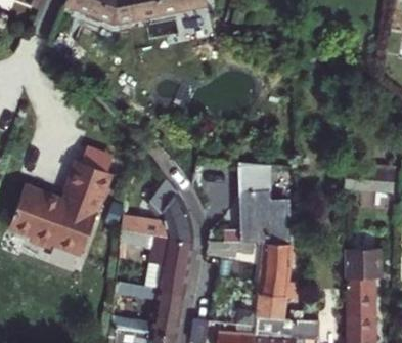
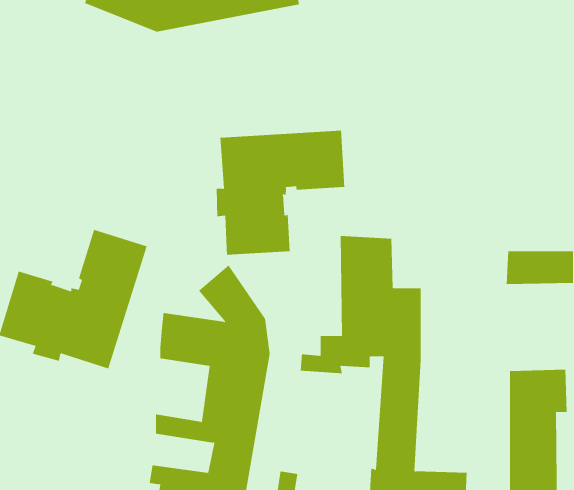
building: none -> [216,130,345,256]

